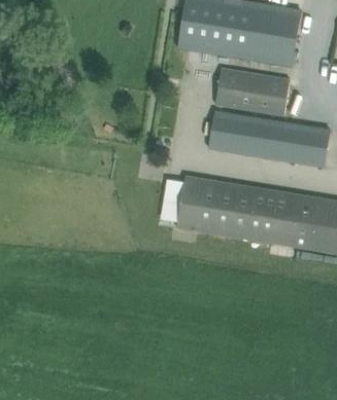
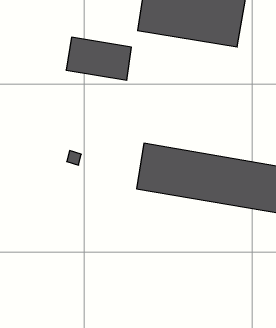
building: [215,68,290,116] -> [66,37,131,80]
building: [207,110,331,167] -> none

